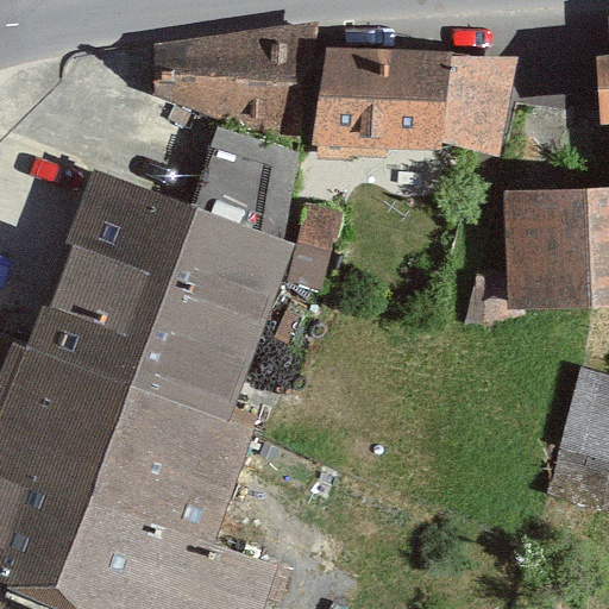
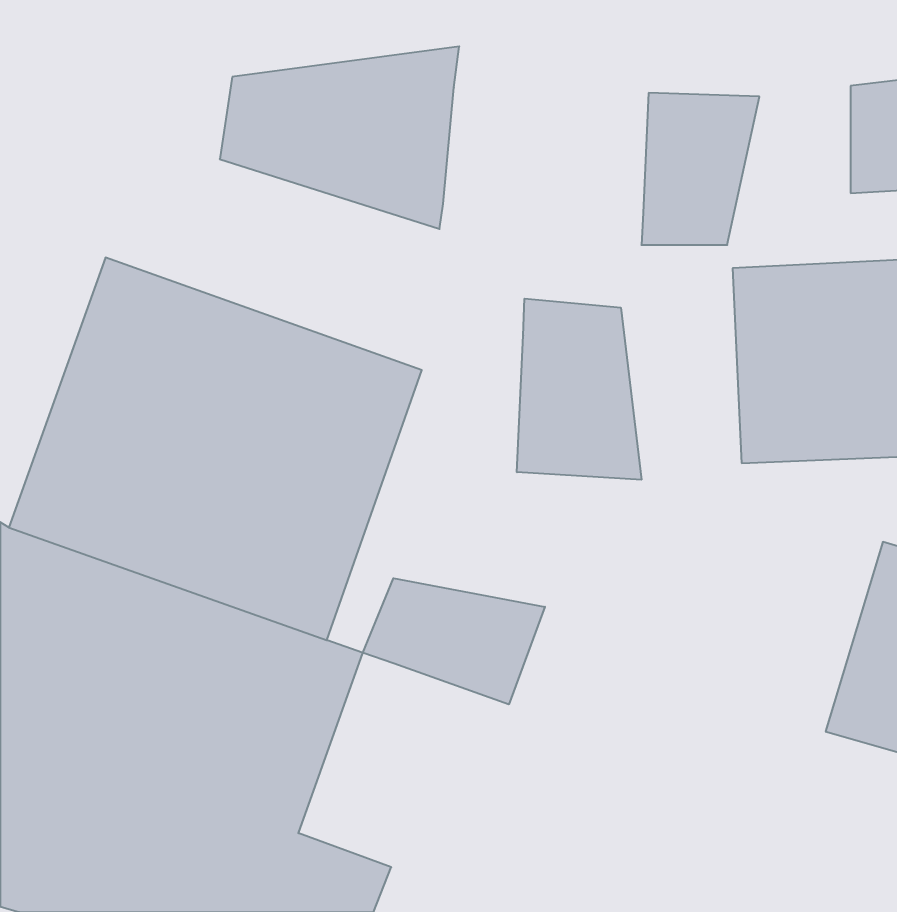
building: [306,58,442,142] -> none
building: none -> [517,299,641,480]
building: none -> [363,578,545,704]

